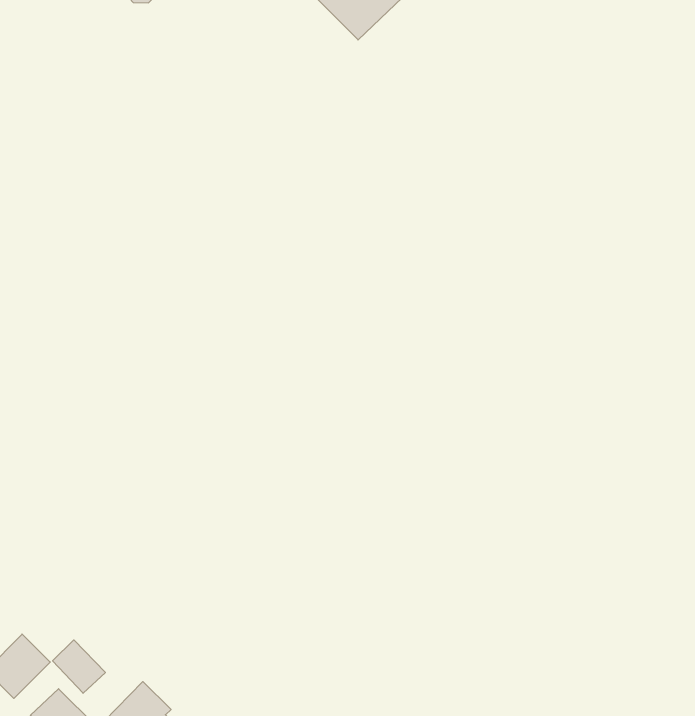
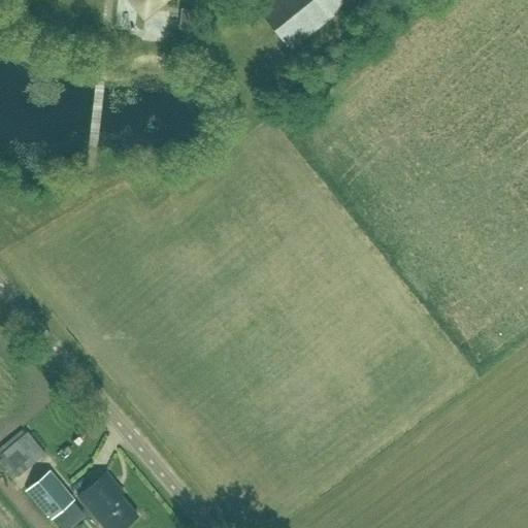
building: [53,640,105,693] -> none

